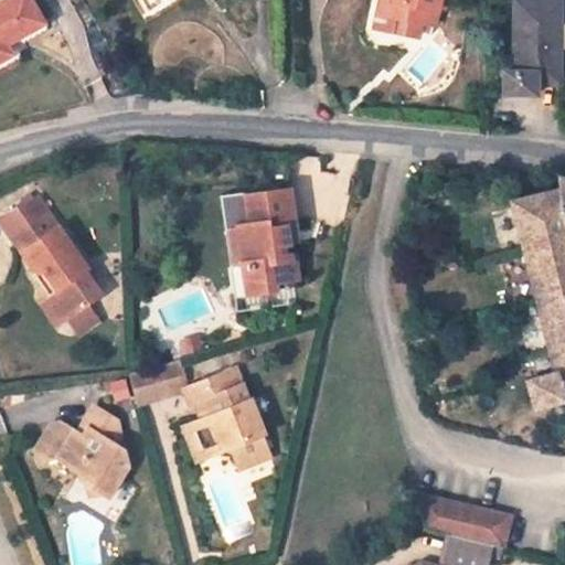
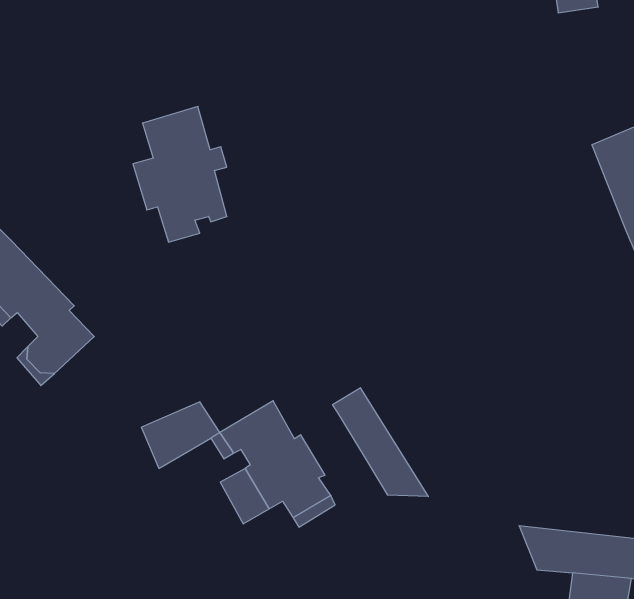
building: [228,191,301,294] -> [133,106,227,242]
building: none -> [333,388,428,497]
building: [34,408,128,498] -> none

